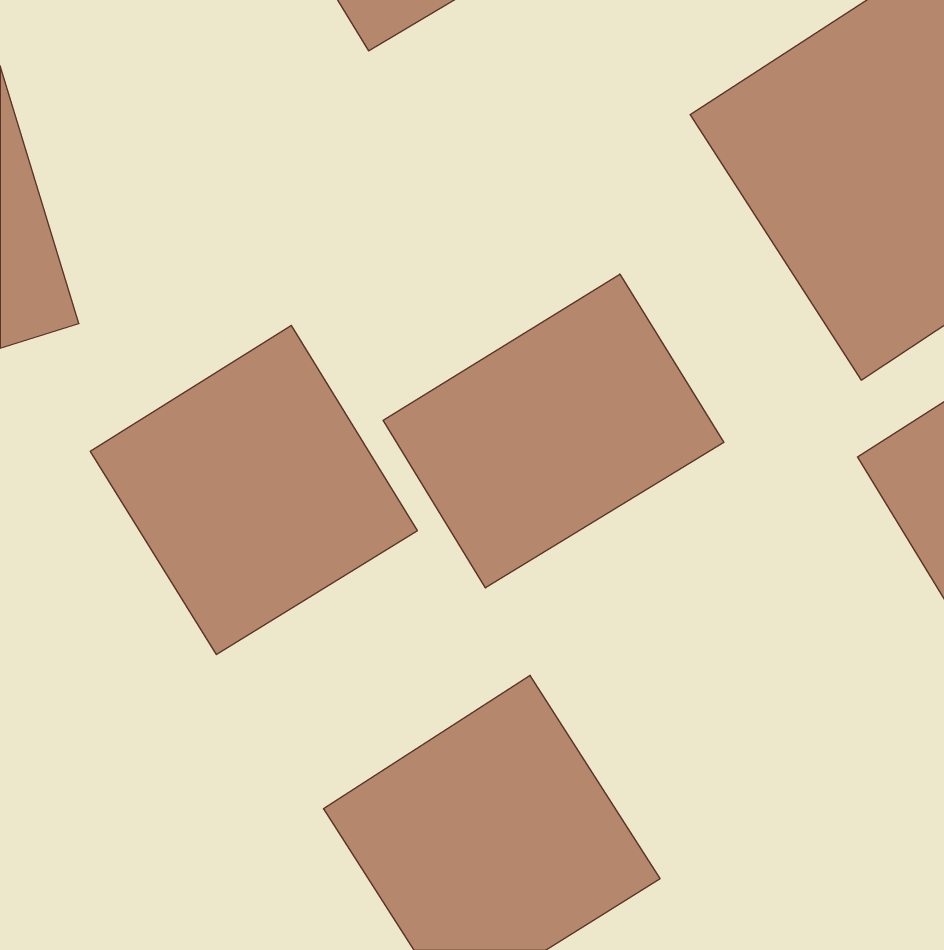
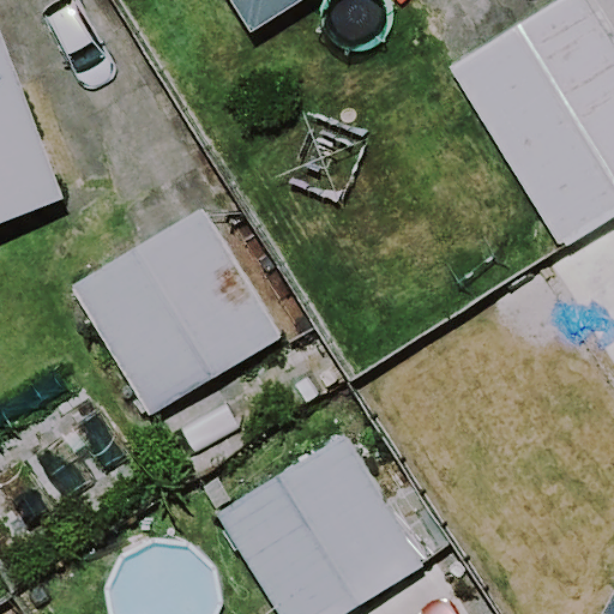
building: [383,274,724,588] -> none

